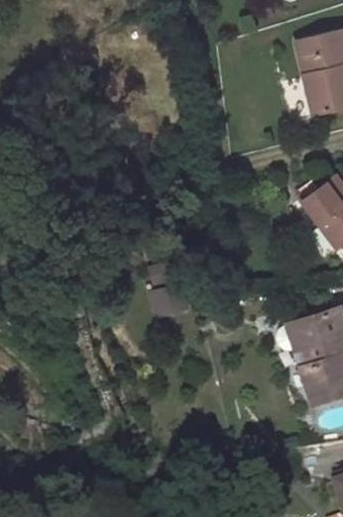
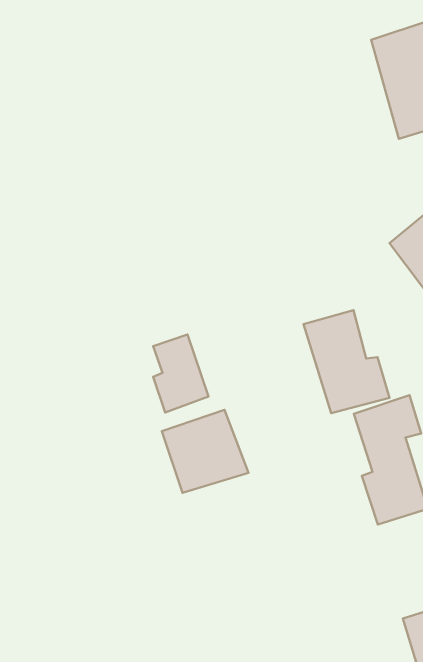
building: none -> [304,310,390,413]
building: none -> [162,410,248,493]

